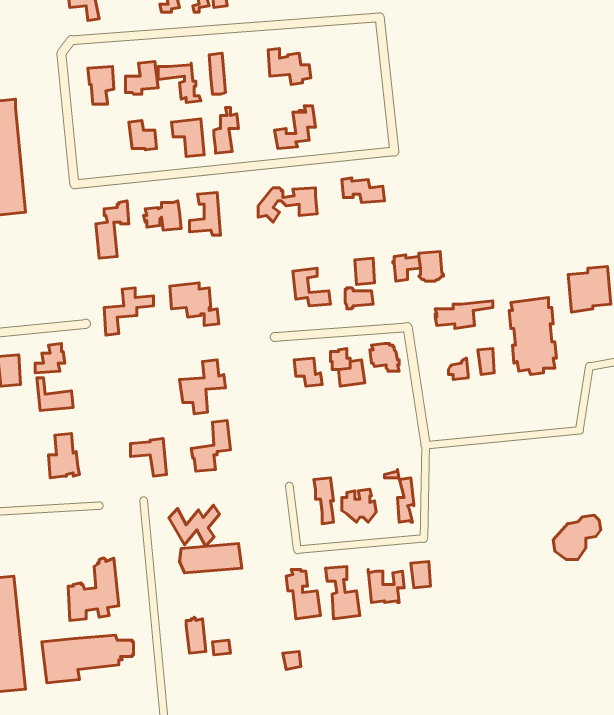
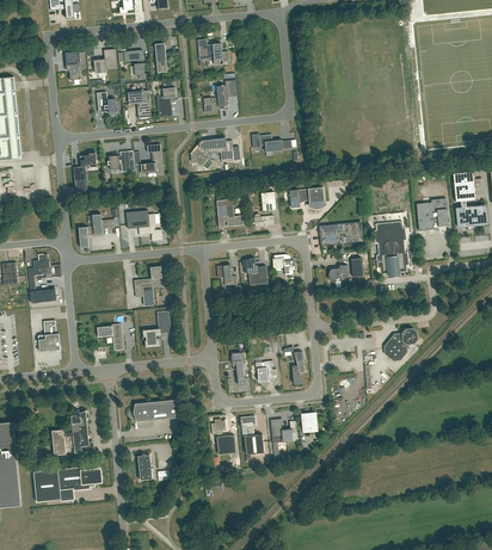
building: [169,505,219,546] -> none
building: [553,515,601,559] -> [382,328,417,360]

